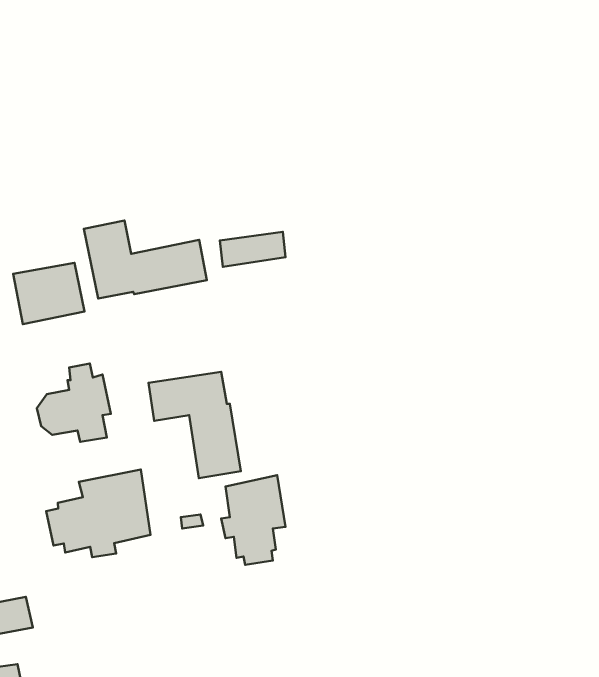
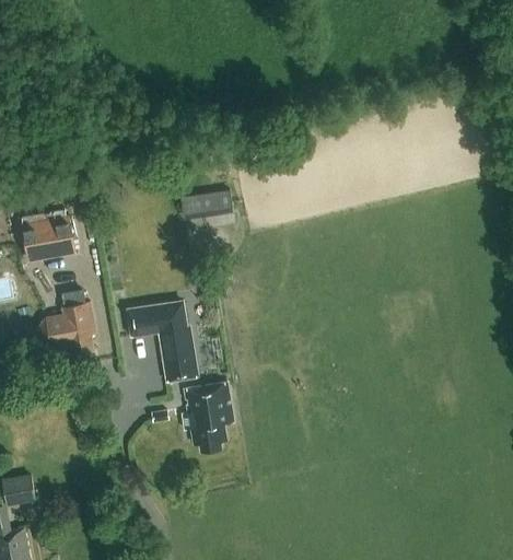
building: [84,220,207,298] -> none
building: [46,469,151,557] -> none

